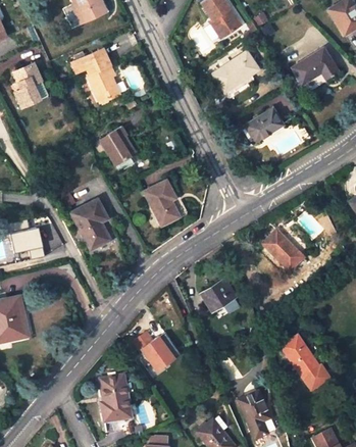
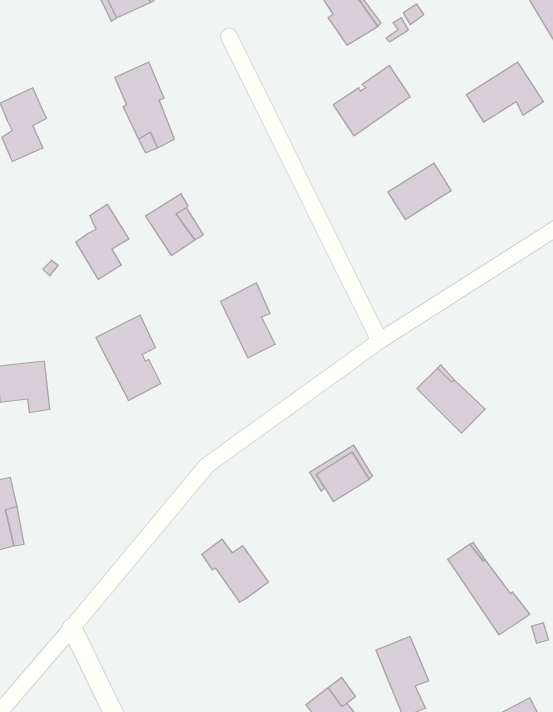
building: none -> [76,204,129,279]
building: [102,376,131,420] -> none

